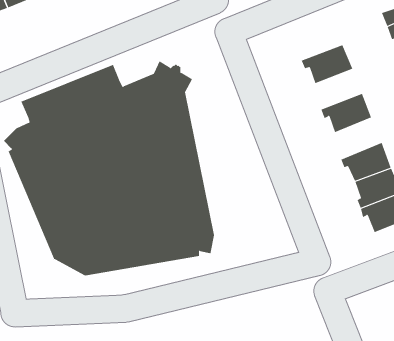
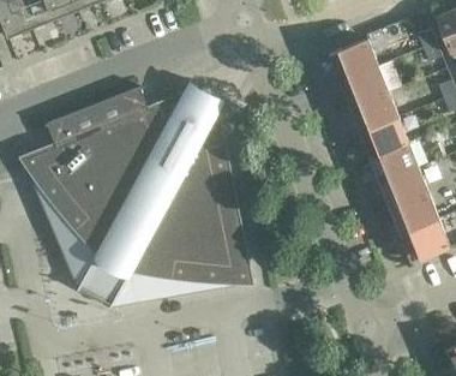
building: none -> [328,38,377,82]
building: none -> [348,90,397,132]
building: none -> [368,141,418,184]

